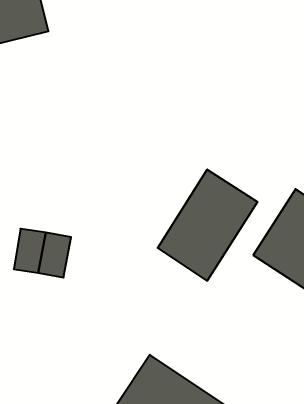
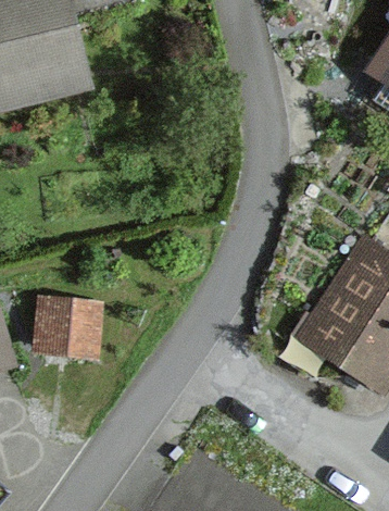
building: [158,169,257,281] -> none

